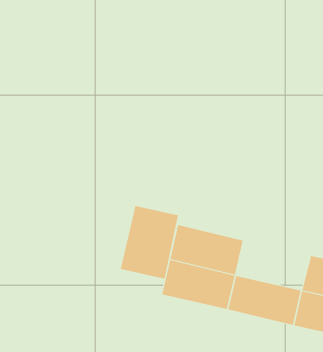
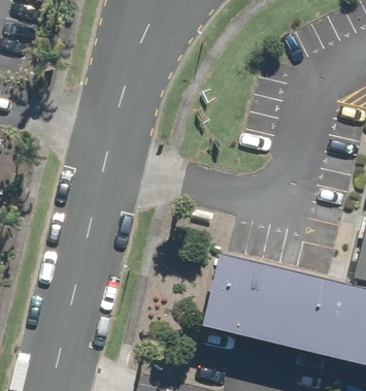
building: [120,205,178,280] -> none
building: none -> [271,269,348,321]

